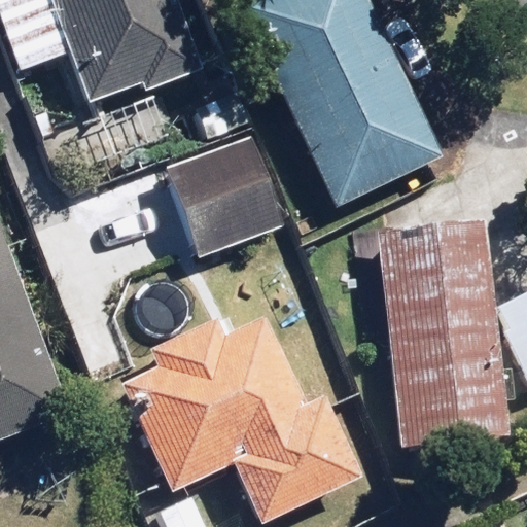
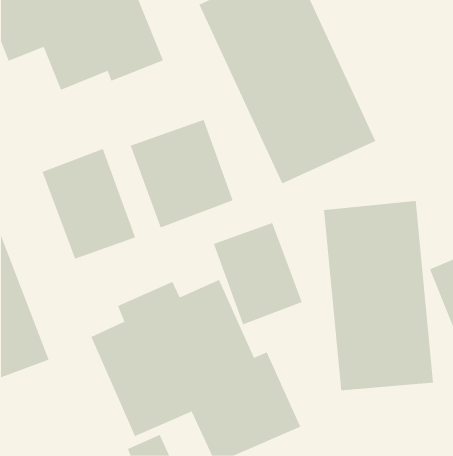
building: none -> [42,148,136,259]
building: none -> [213,222,302,325]

